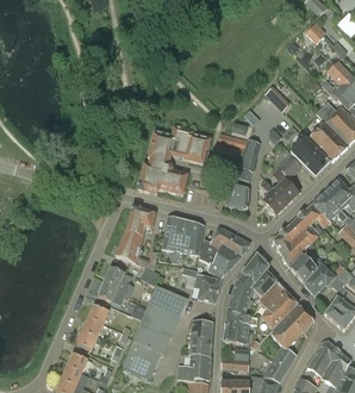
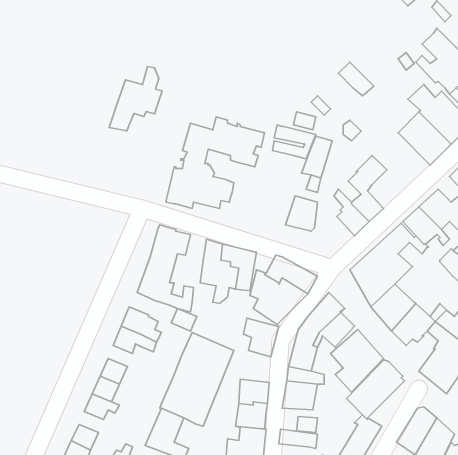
building: none -> [109,66,162,131]
building: [289,137,326,176] -> none

